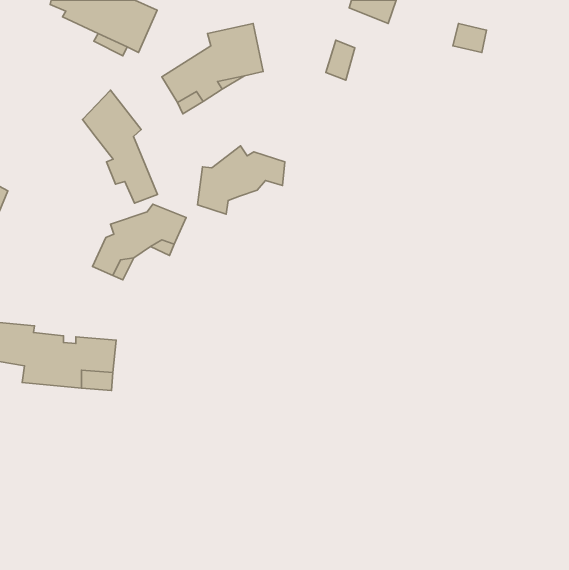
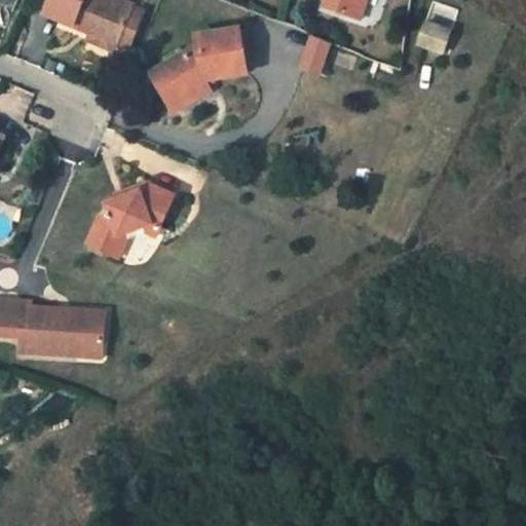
building: [83,90,157,203] -> none
building: [197,146,285,214] -> none

